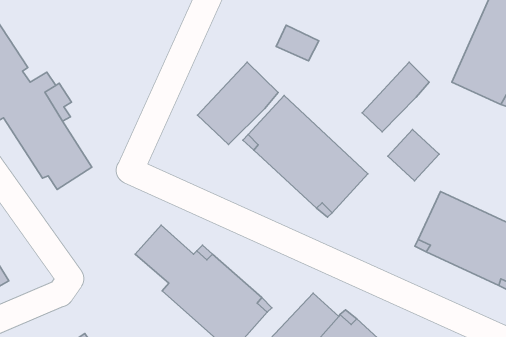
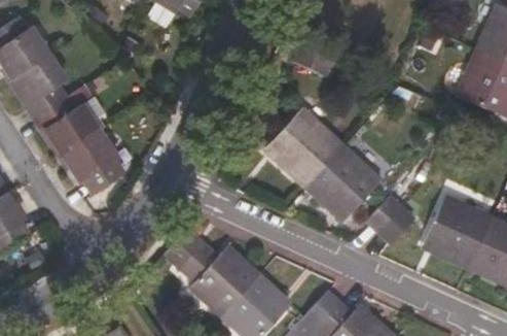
building: [198,62,278,145] -> none
building: [362,62,429,132] -> none
building: [388,130,439,181] -> [367,196,414,243]

